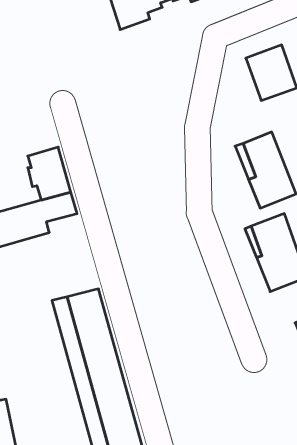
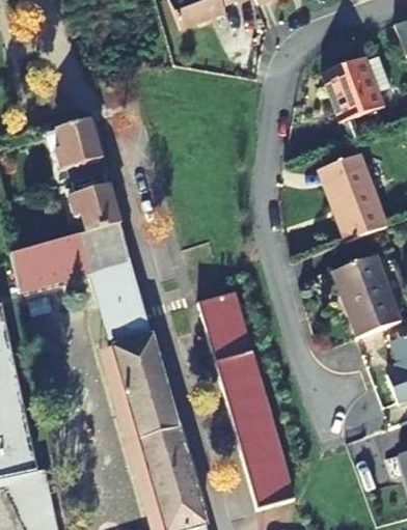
building: none -> [57,118,107,182]
building: none -> [93,248,154,344]
building: none -> [198,286,295,510]

